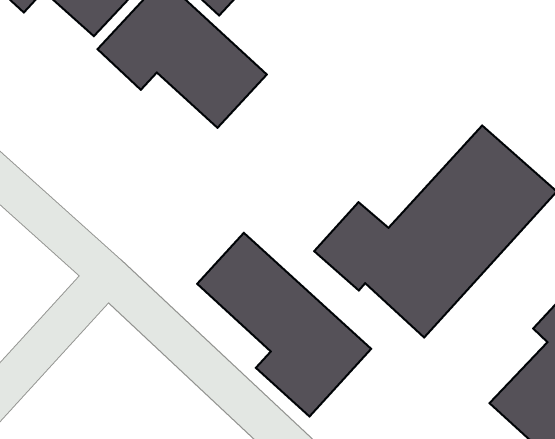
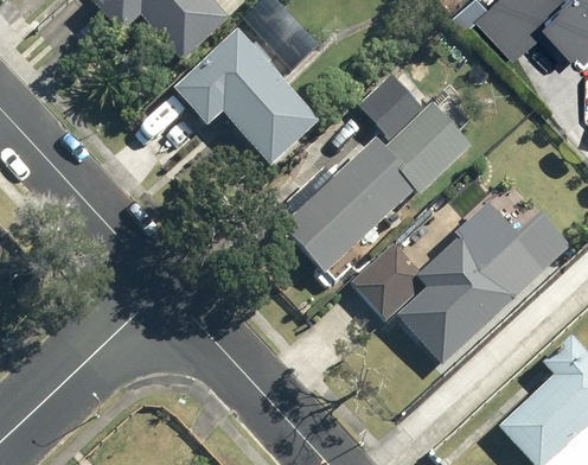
building: none -> [281,79,464,281]
building: [197,233,371,416] -> none

